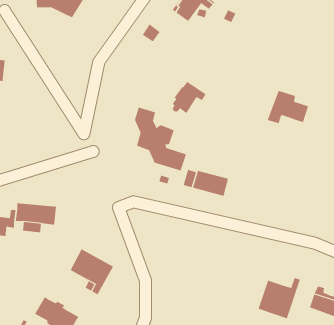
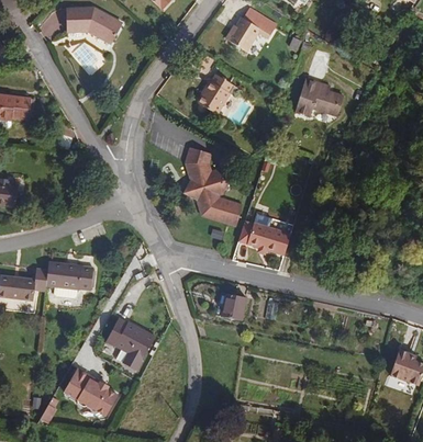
building: [172,81,206,114] -> [199,71,240,110]
building: [267,90,309,124] -> [294,76,344,115]
building: none -> [221,294,246,321]
building: [258,277,301,319] -> none

